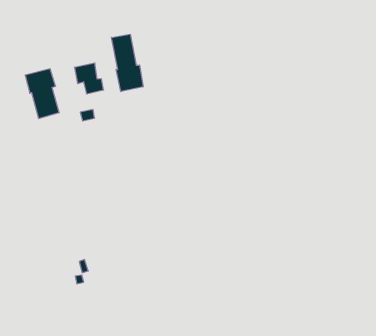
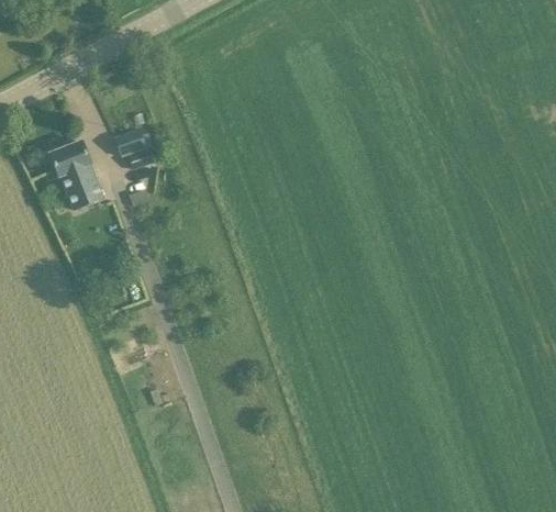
building: [111,34,143,92] -> none

